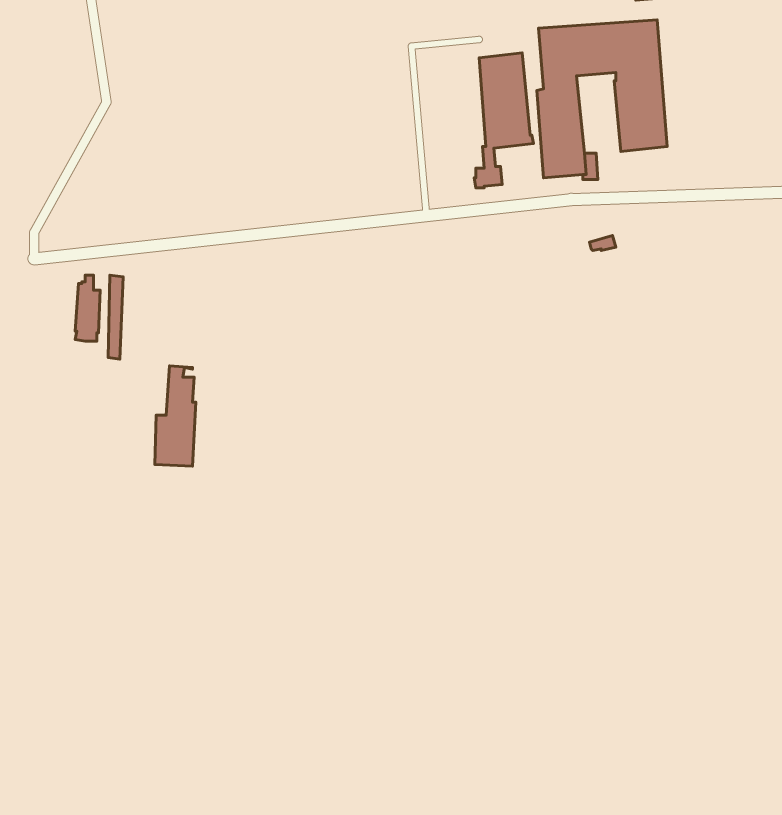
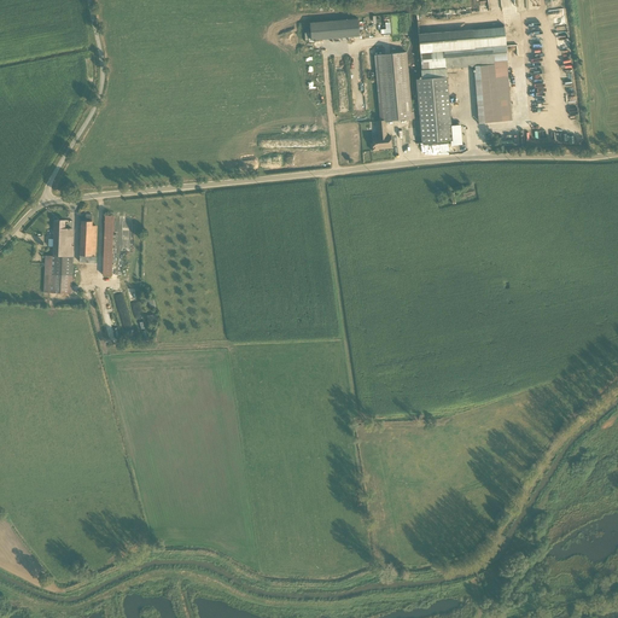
building: none -> [309,18,358,40]
building: [155,366,196,466] -> [43,218,74,292]

